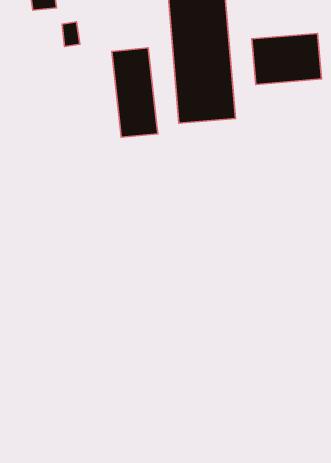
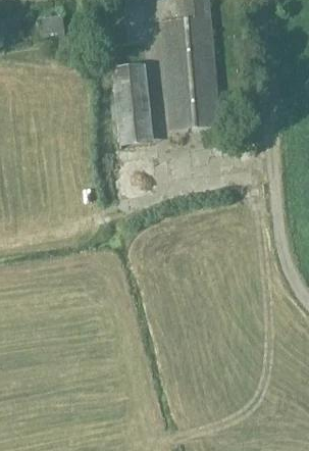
building: [252,33,322,84] -> none

